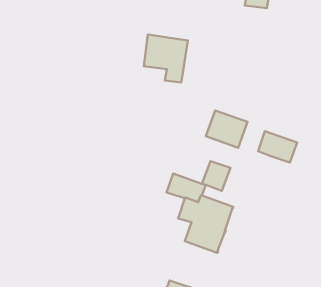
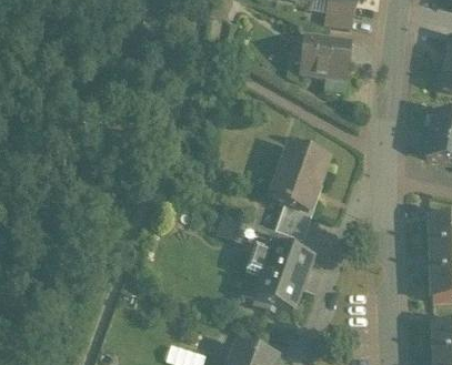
building: [144,35,188,82] -> [301,37,352,92]
building: [258,131,297,163] -> [272,178,318,214]

